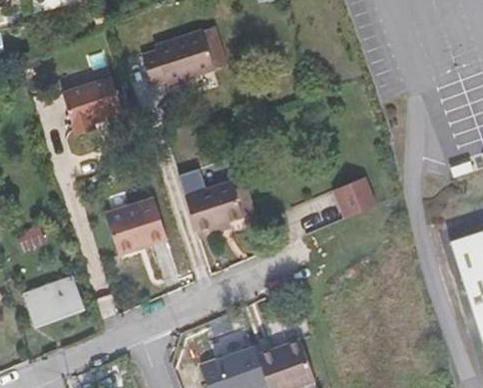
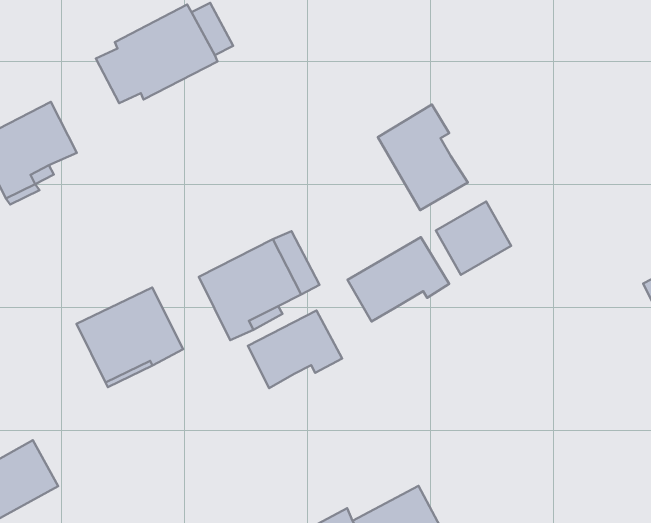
building: none -> [378,105,468,210]
building: none -> [347,237,449,321]
building: none -> [248,311,342,388]

